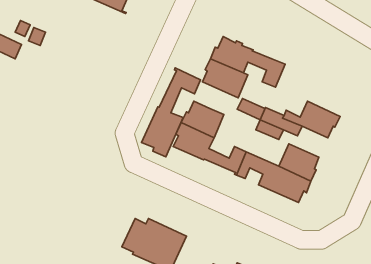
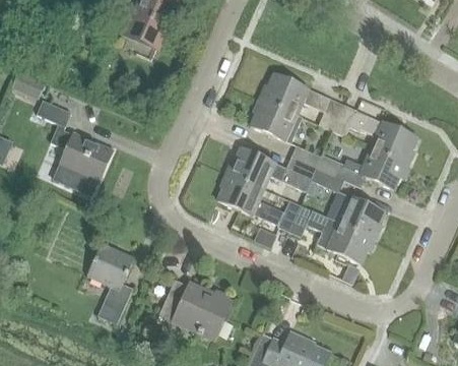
building: none -> [38,100,114,196]
building: none -> [334,105,417,165]
building: [142,68,201,157] -> none
building: none -> [270,157,317,191]
building: none -> [86,243,134,324]

